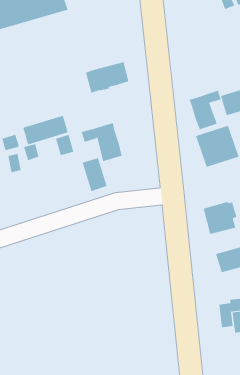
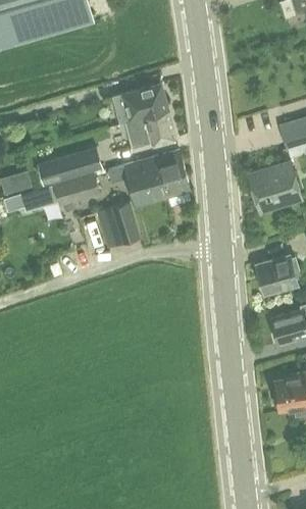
building: none -> [127,108,175,147]
building: [189,90,221,130] -> none
building: none -> [147,150,190,199]
building: none -> [53,177,82,205]

